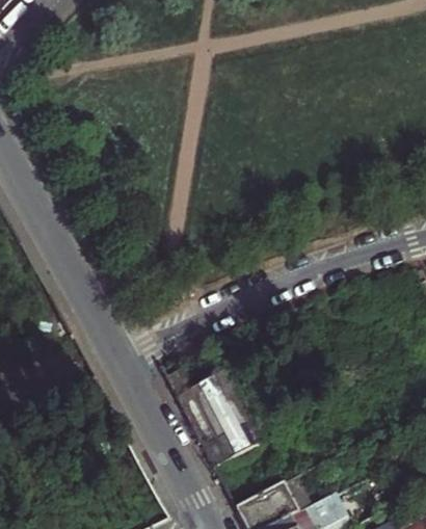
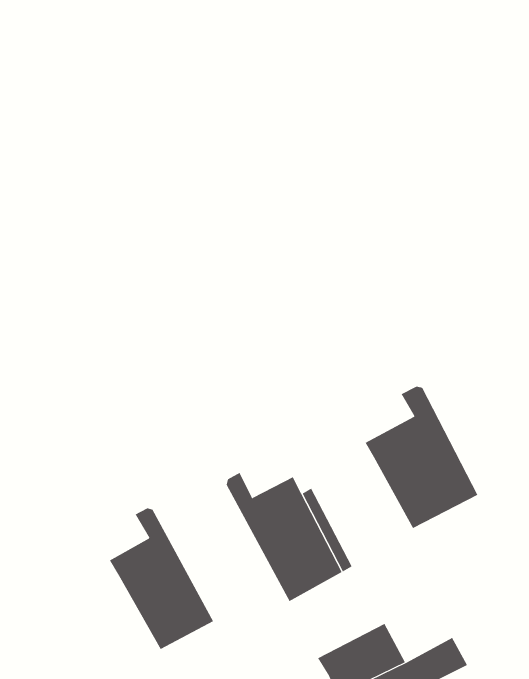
building: none -> [365,386,478,529]
building: none -> [109,508,214,650]

